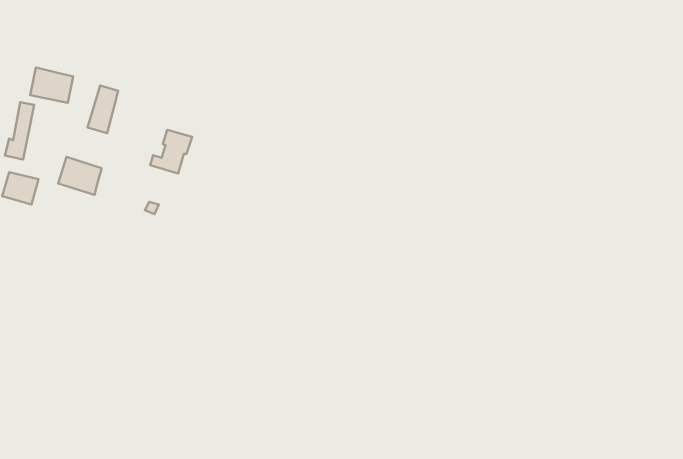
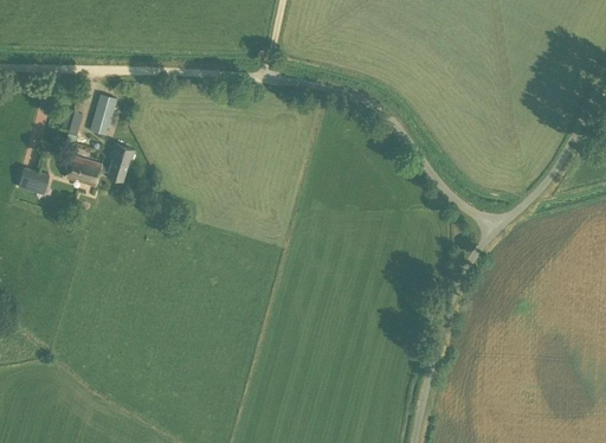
building: [30,67,73,103] -> none
building: [150,130,192,173] -> [98,145,134,181]

